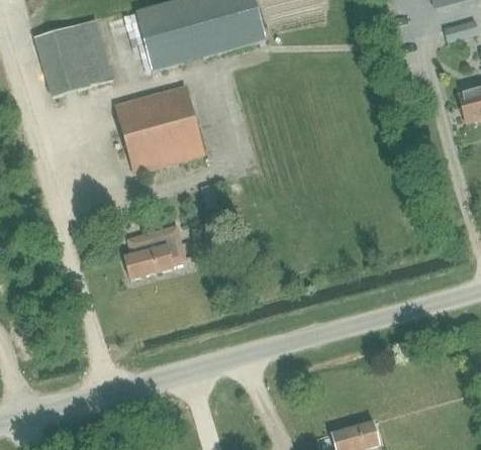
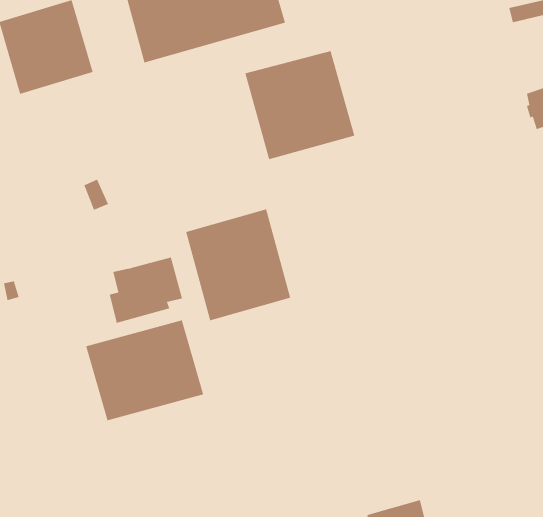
building: [115,86,204,174] -> [245,50,355,160]
building: none -> [185,208,291,321]
building: none -> [85,319,204,421]

